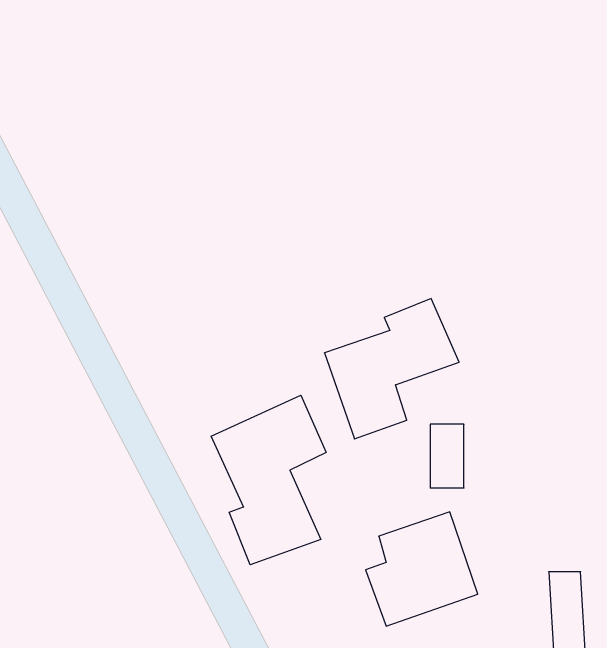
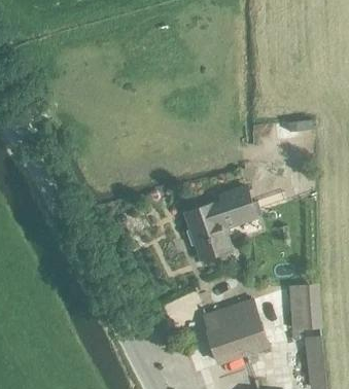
building: [211,395,326,565] -> none
building: [430,424,464,488] -> [291,293,310,328]

